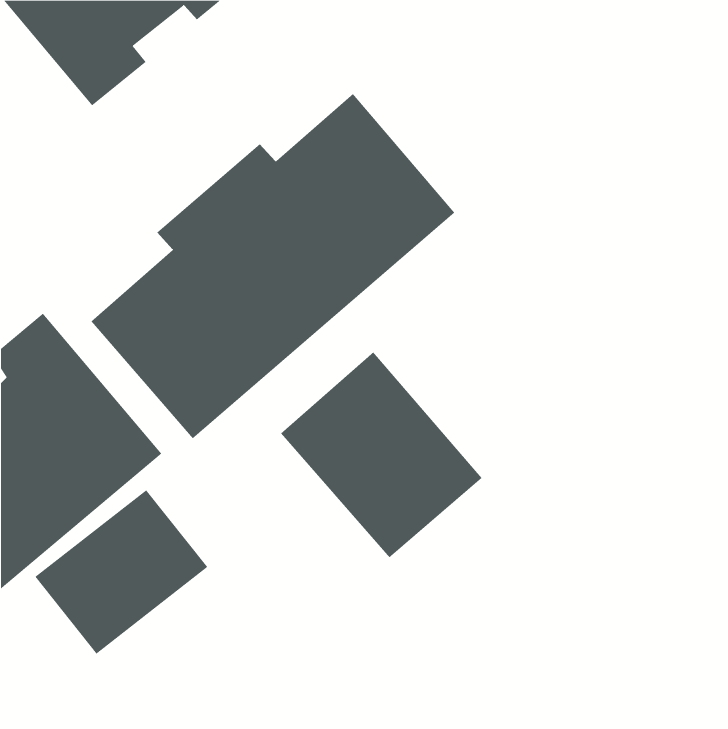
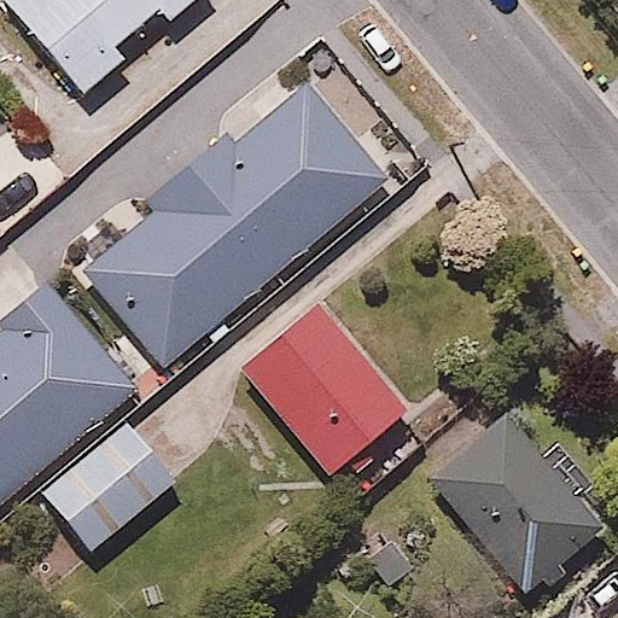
building: none -> [425,410,602,593]

